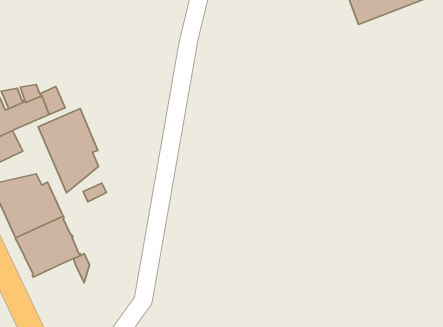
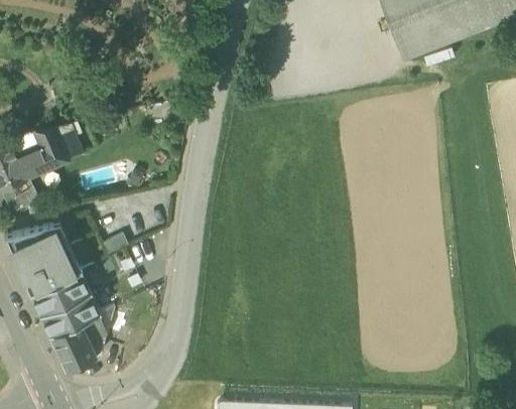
building: [38,108,98,193] -> none
building: none -> [51,319,98,368]

